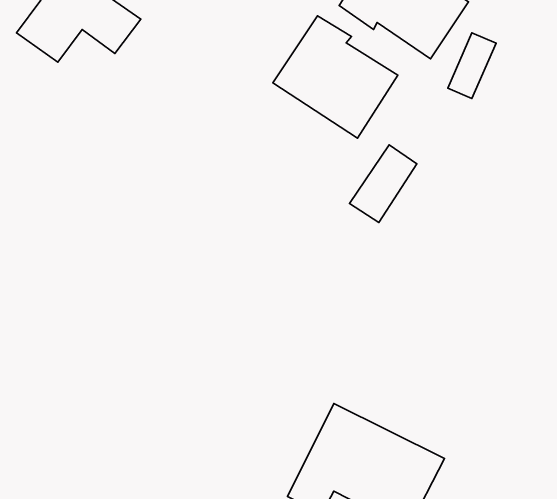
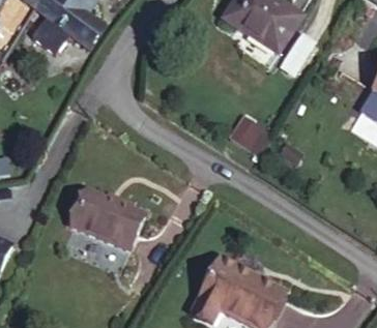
building: [273,16,398,138] -> none
building: none -> [68,188,140,249]

